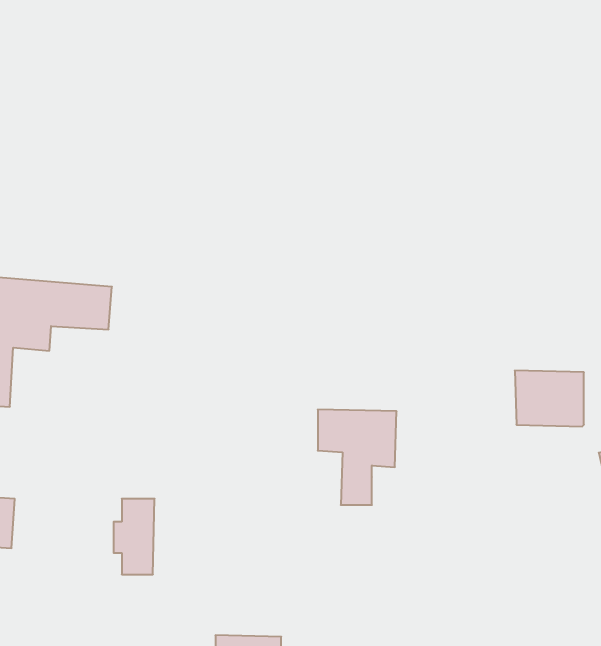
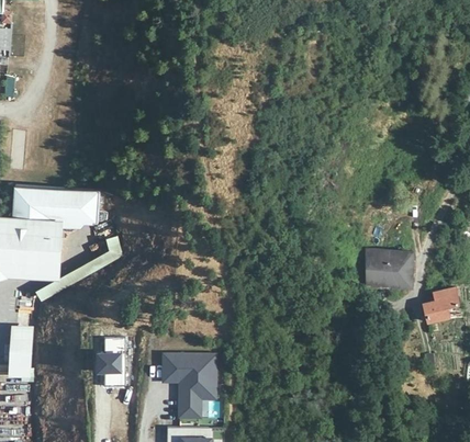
building: none -> [29,235,55,274]
building: [318,410,397,505] -> [163,353,215,417]

